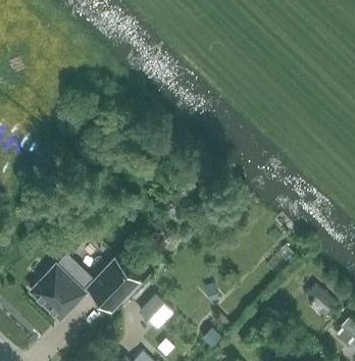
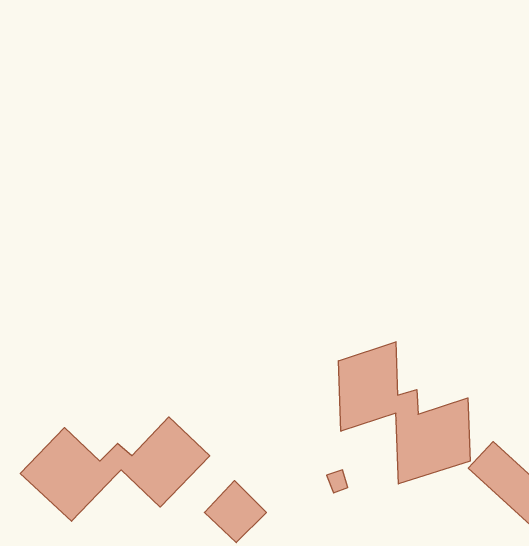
building: none -> [338,342,470,484]

